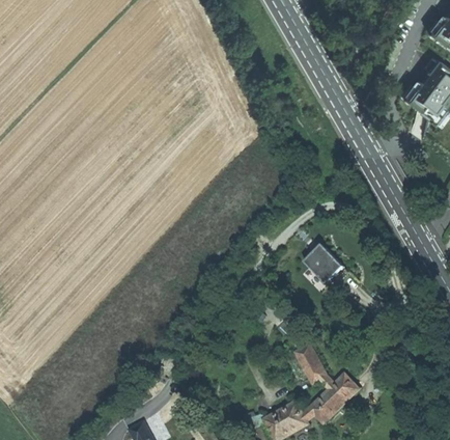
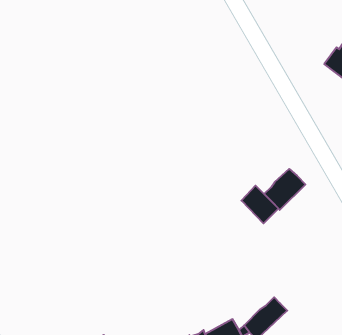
building: none -> [264,169,305,210]
building: [294,345,335,389] -> none

